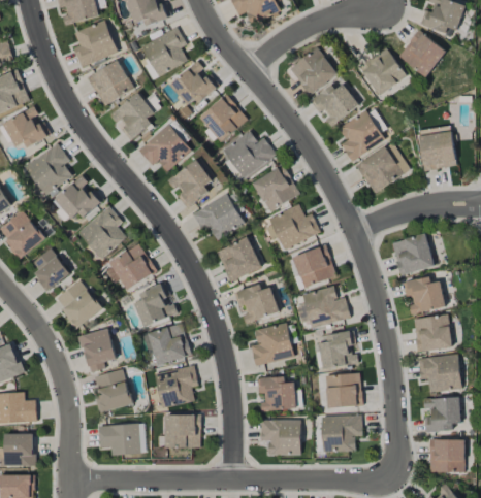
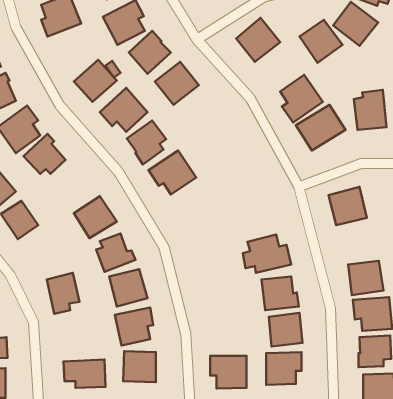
building: [87,60,134,106] -> none
building: [311,80,358,126] -> none
building: [223,131,277,178] -> none
building: [252,165,300,212] -> none
building: [268,203,320,250] -> none
building: [78,205,126,259] -> none
building: [216,237,262,283] -> none
building: [292,245,336,289] -> none
building: [404,276,445,314] -> none
building: [54,279,102,329] -> none
building: [233,284,279,325] -> none
building: [250,323,294,366] -> none
building: [92,369,132,412] -> none
building: [257,377,295,411] -> none

